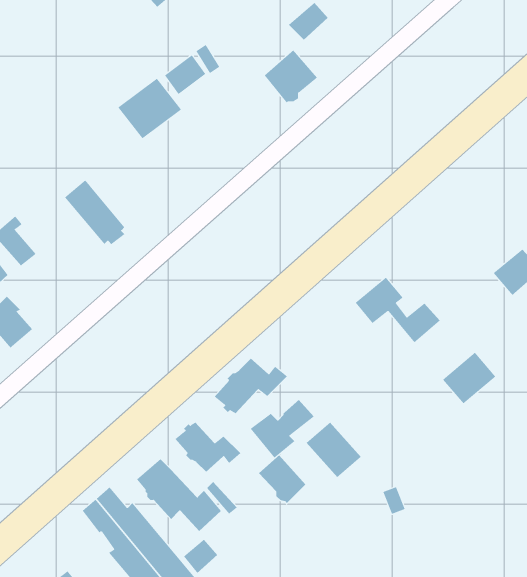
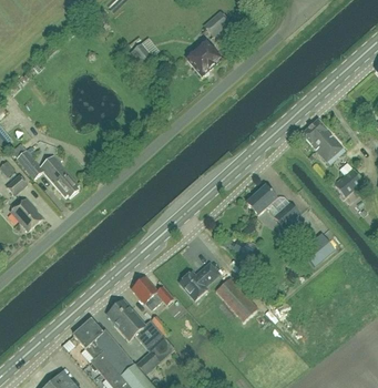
building: [118,78,182,139] -> none
building: none -> [303,119,343,161]
building: [64,180,125,245] -> [41,155,80,196]
building: [214,358,288,414] -> none
building: [258,454,306,504] -> none

